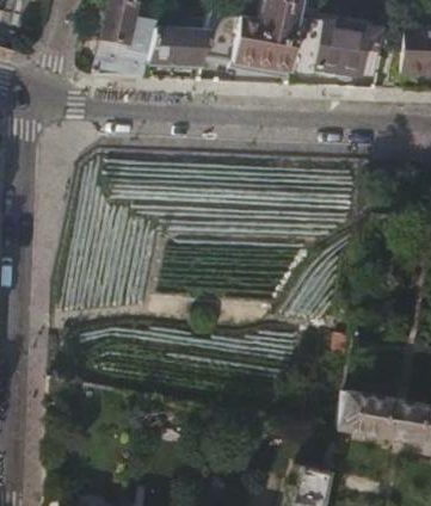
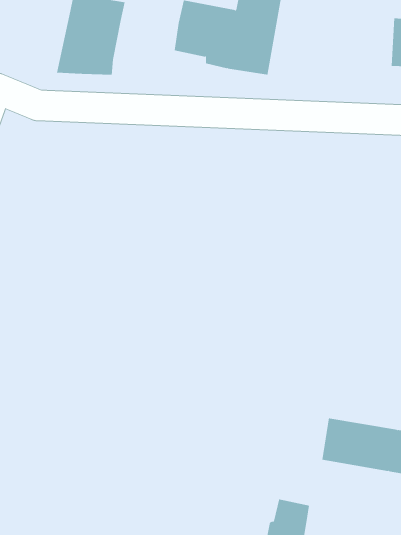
building: [314,19,377,75] -> none
building: [148,29,207,67] -> none

